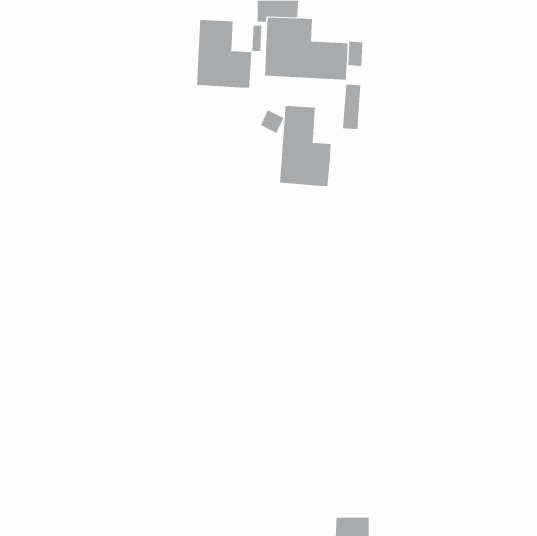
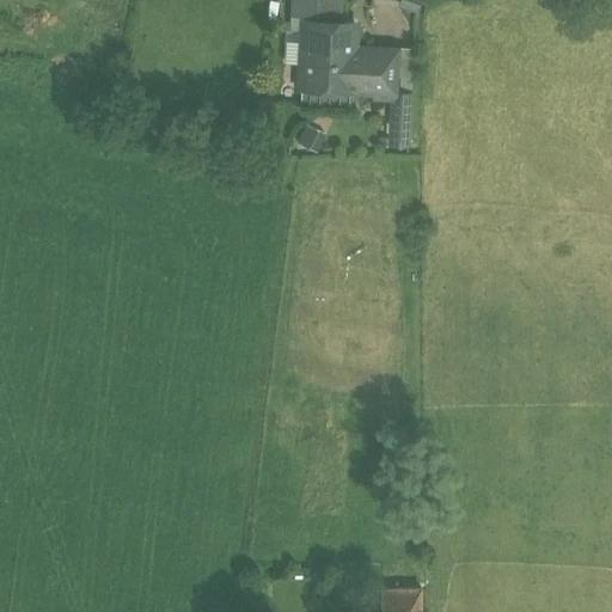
building: [196,19,252,88] -> none
building: [280,105,331,187] -> none

